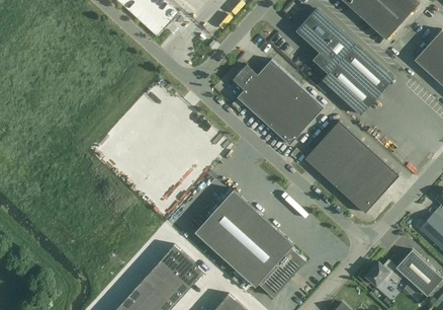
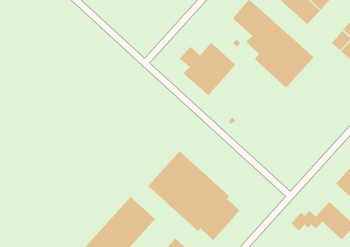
building: [268,87,324,145] -> none
building: [305,122,400,214] -> none

